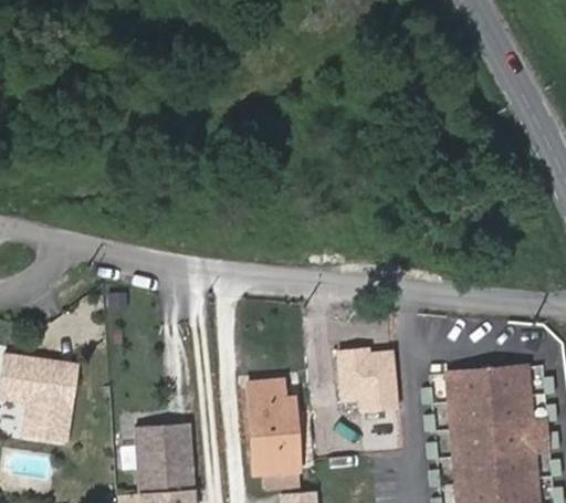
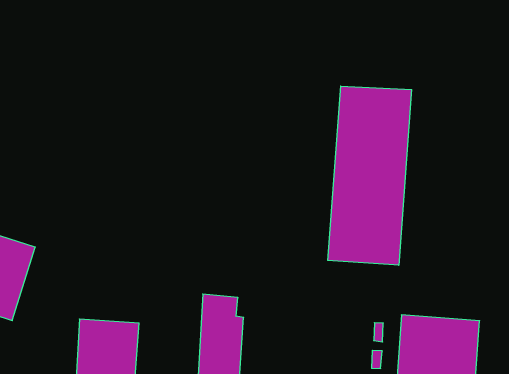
building: none -> [328,86,412,265]
building: [337,347,399,412] -> none

